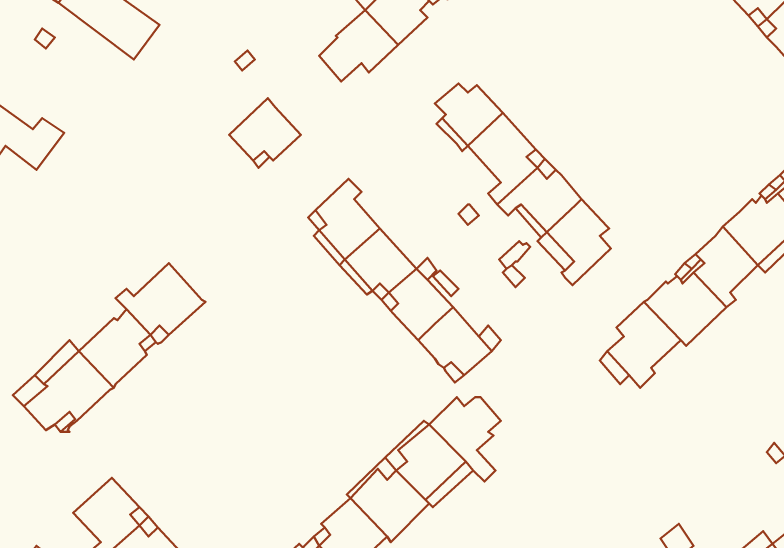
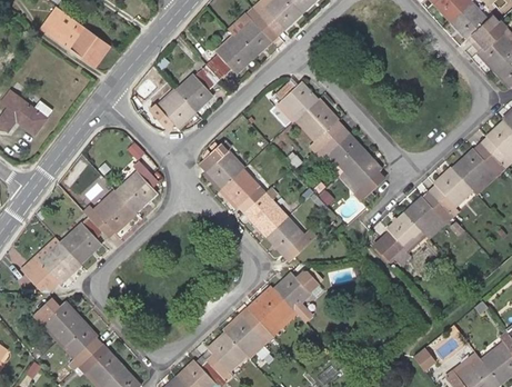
building: none -> [175,64,220,112]
building: none -> [116,166,159,214]
building: none -> [38,301,81,341]

